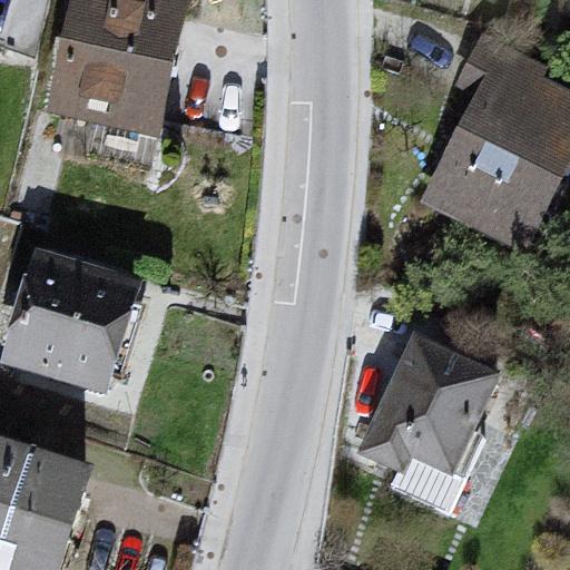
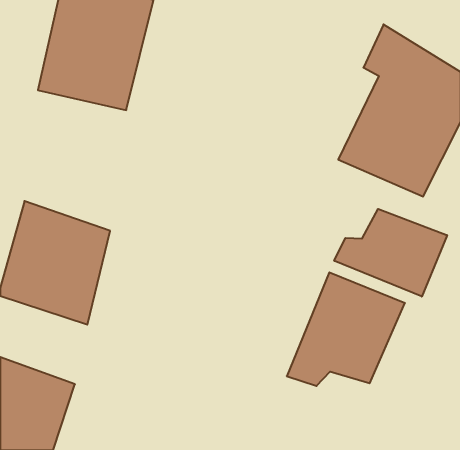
building: none -> [334,209,447,297]

